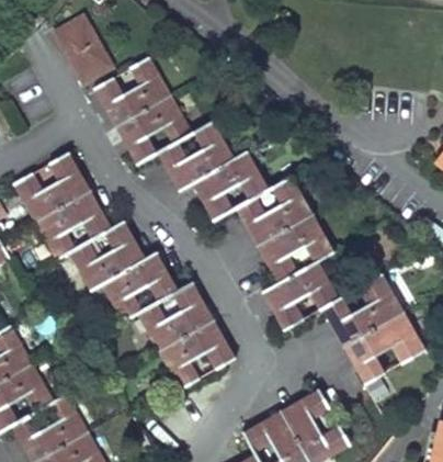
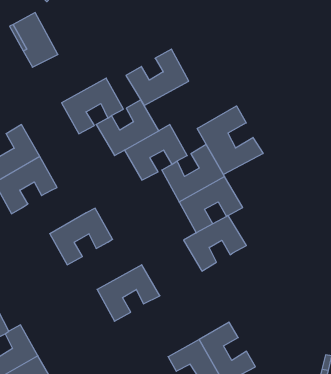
building: [94,58,170,126] -> [126,49,189,106]
building: none -> [197,106,263,175]
building: [69,223,146,291] -> none
building: [322,274,425,382] -> none
building: [137,283,213,351] -> none

